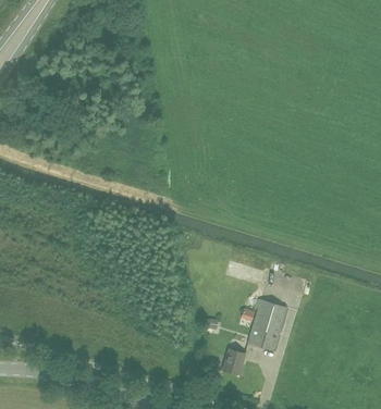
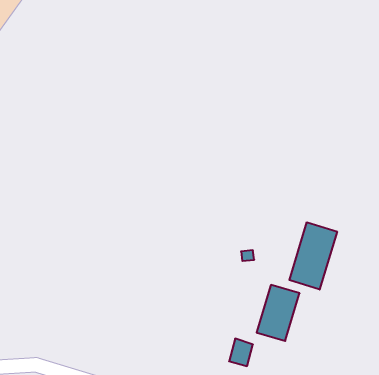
building: none -> [289,222,337,290]

